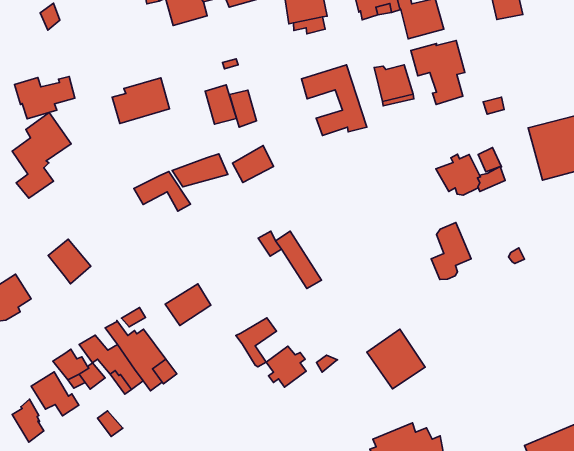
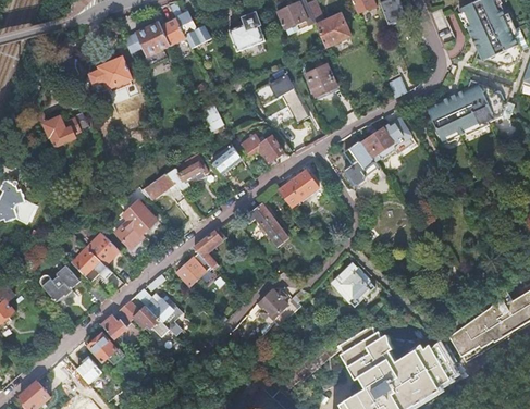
building: [411,40,465,104] -> none
building: [112,78,170,124] -> [88,57,132,95]
building: [205,85,237,124] -> none
building: [12,112,71,198] -> [113,198,156,263]
building: none -> [241,133,283,162]
building: none -> [276,171,316,207]
building: [431,223,471,279] -> [344,139,373,183]
building: none -> [70,247,111,282]
building: [236,318,277,367] -> [193,230,222,267]

